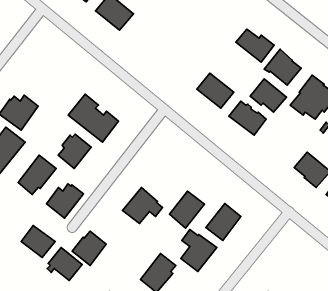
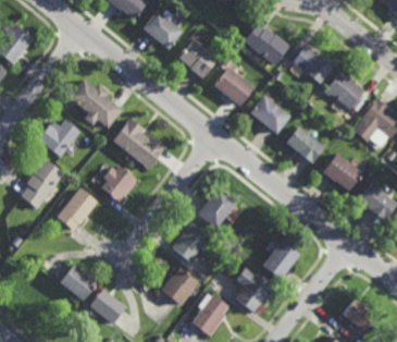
building: none -> [246,26,294,68]
building: none -> [181,40,219,80]
building: none -> [215,69,256,108]
building: none -> [70,80,123,130]
building: [250,79,286,112] -> [323,152,362,188]
building: [46,184,84,218] -> none
building: [169,191,205,228] -> [199,186,237,227]
building: [72,231,106,265] -> [161,267,198,304]
building: none -> [343,296,374,329]

